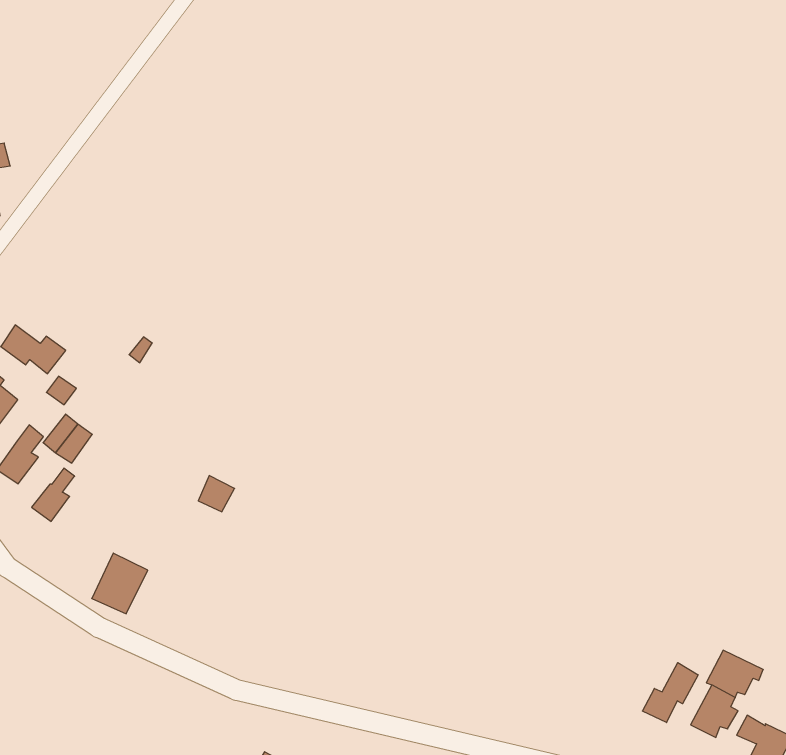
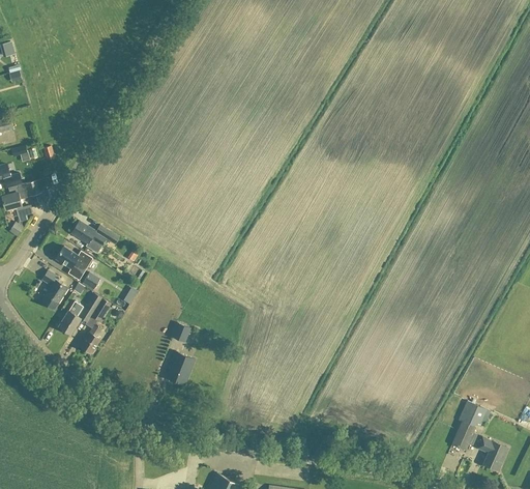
building: none -> [70,222,118,254]
building: [92,553,148,614] -> [164,352,194,385]
building: [642,663,698,723] -> none

